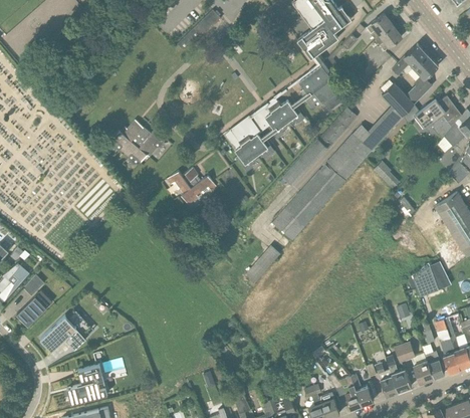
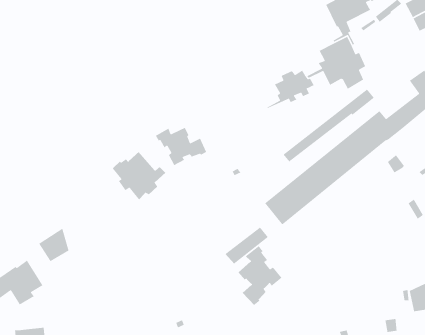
building: [230,106,271,165] -> none
building: [113,120,162,163] -> [112,151,166,200]
building: none -> [237,245,282,306]
building: none -> [38,228,70,262]

